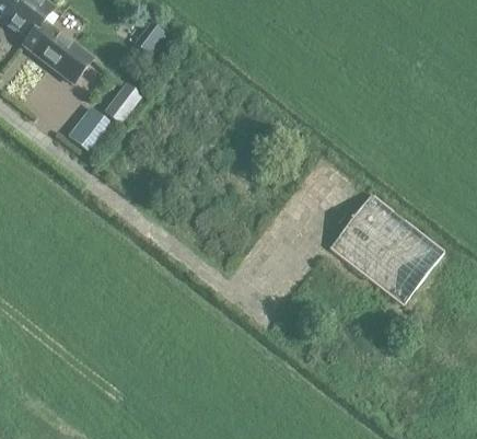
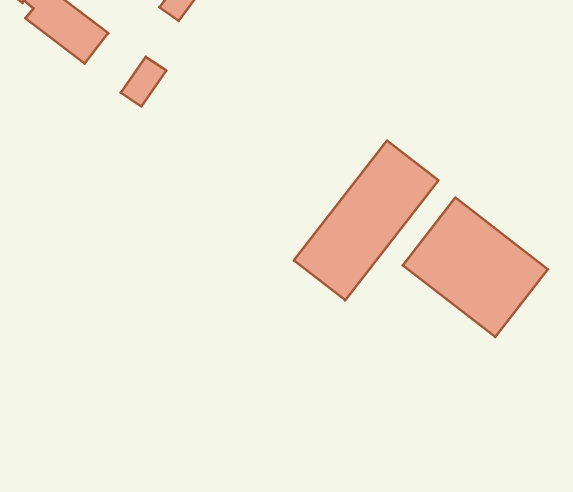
building: [69,104,112,148] -> none
building: none -> [294,141,438,300]

